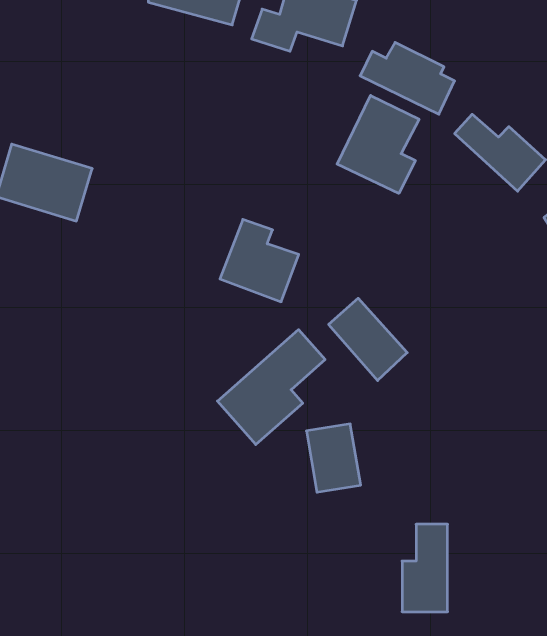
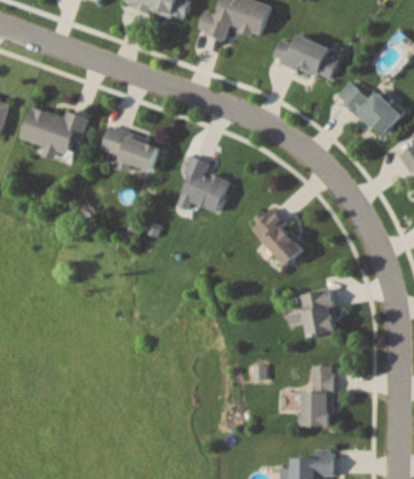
building: [337,95,419,193] -> none
building: none -> [101,127,159,167]
building: [217,330,325,445] -> none
building: [306,424,361,492] -> [300,290,338,337]

